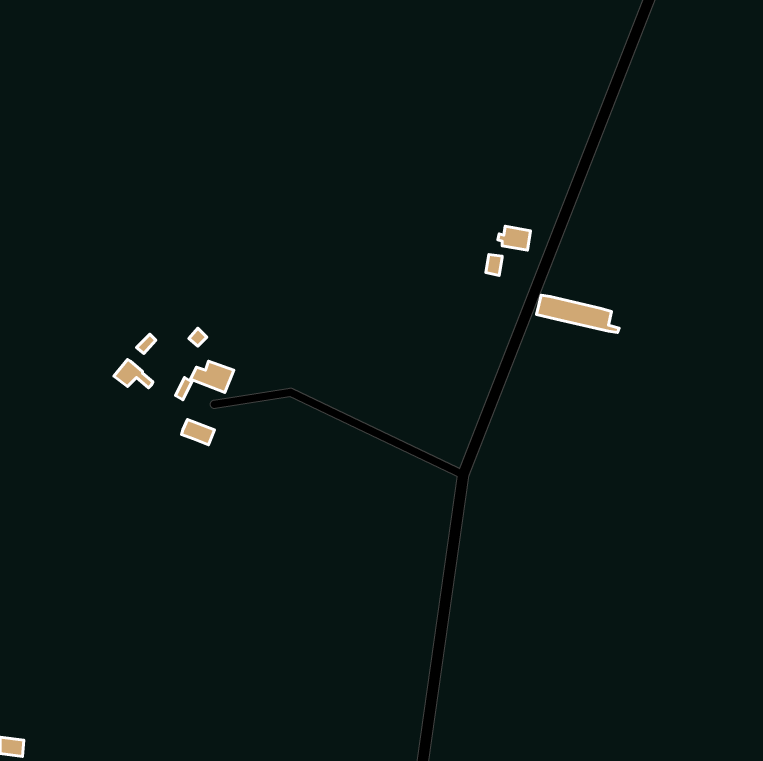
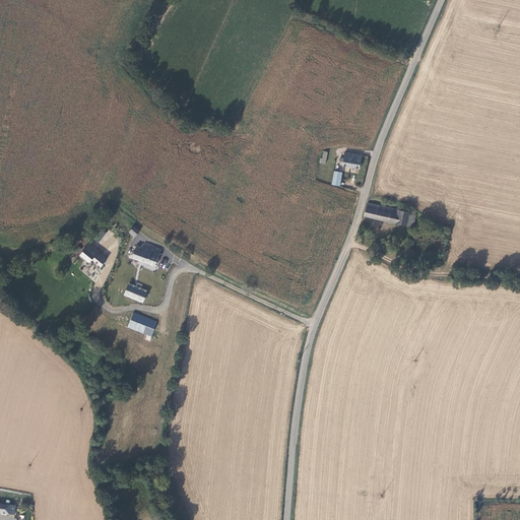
building: none -> [129,313,158,336]

